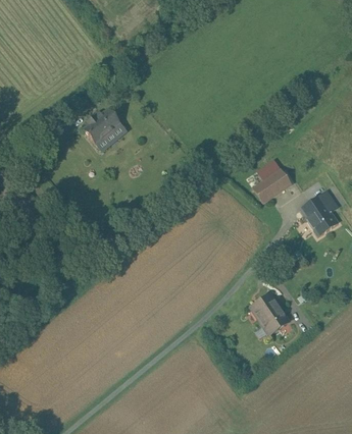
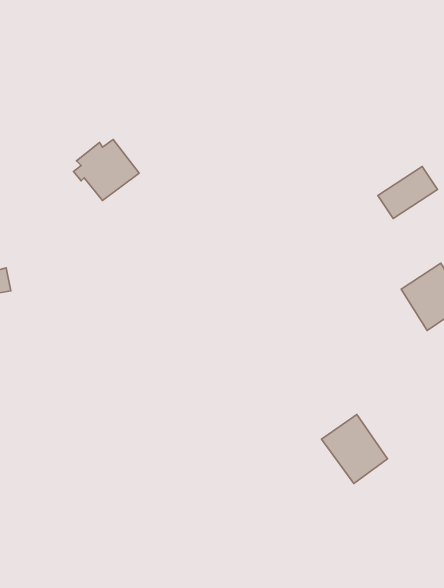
building: [252,167,292,202] -> [378,166,438,218]

